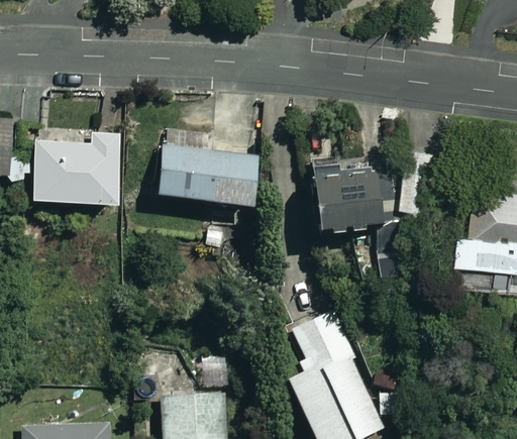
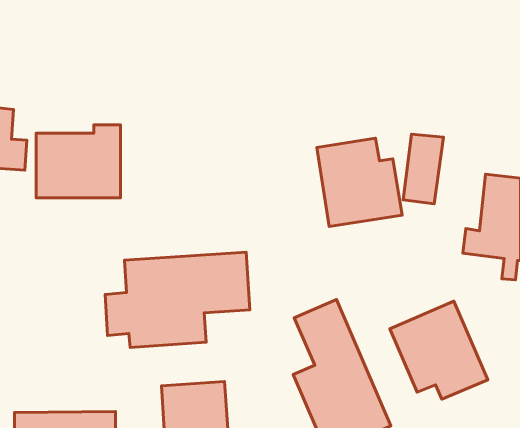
building: [160,127,258,209] -> none
building: none -> [105,252,250,347]
building: none -> [390,301,488,399]

